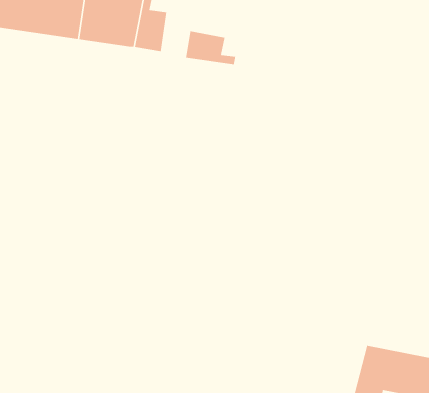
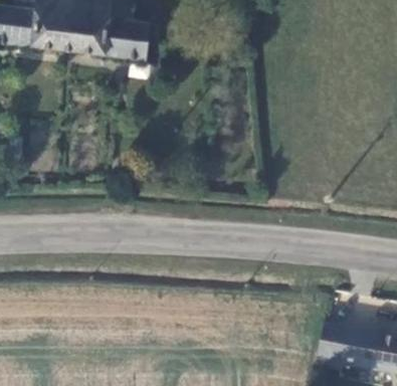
building: [186,31,236,65] -> none

